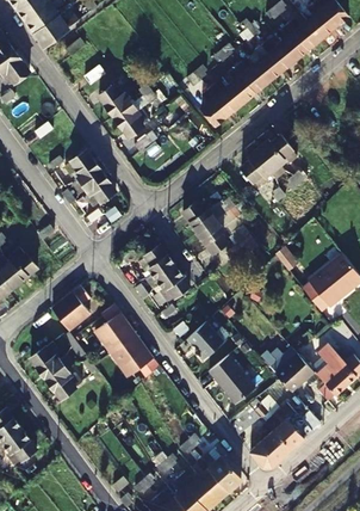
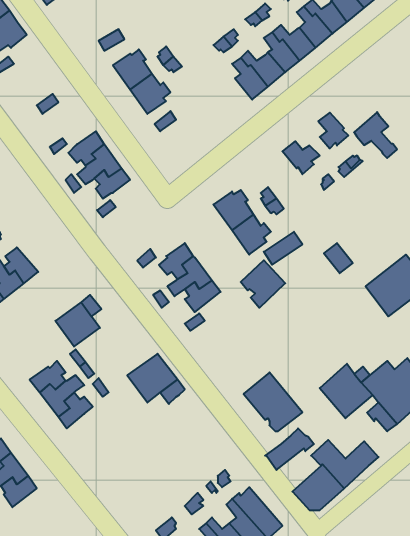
building: [248,140,284,178] -> [354,112,397,158]
building: [93,306,136,355] -> none
building: [185,321,222,361] -> [241,260,285,308]

